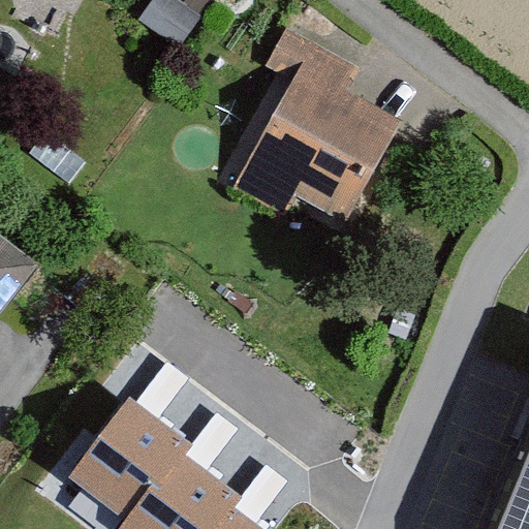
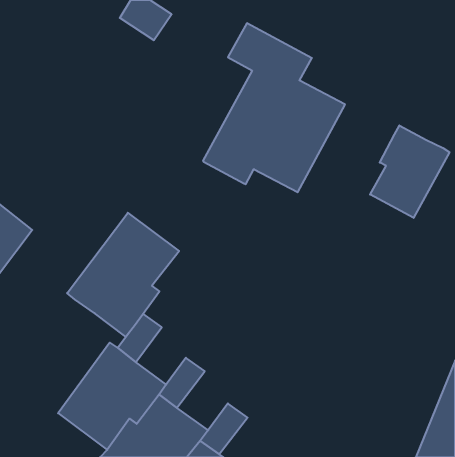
building: none -> [370,125,449,218]
building: none -> [67,213,179,337]

